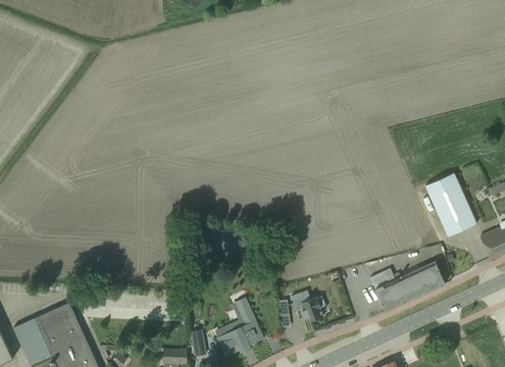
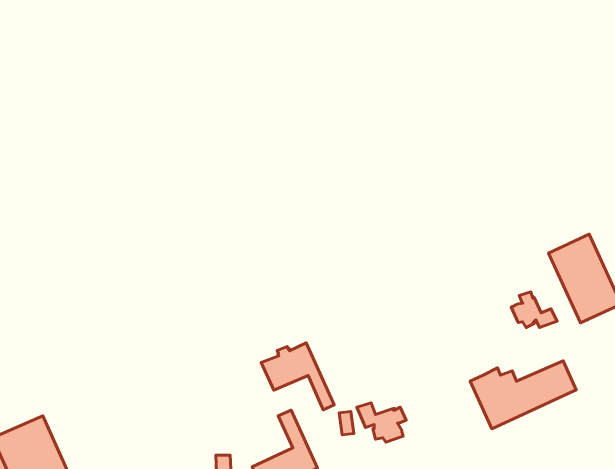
building: none -> [511,292,557,328]
building: none -> [261,343,334,410]

